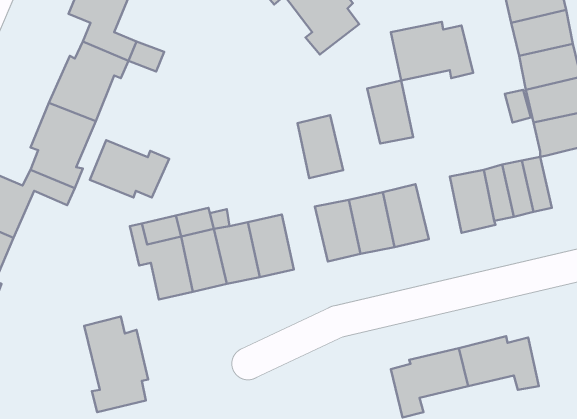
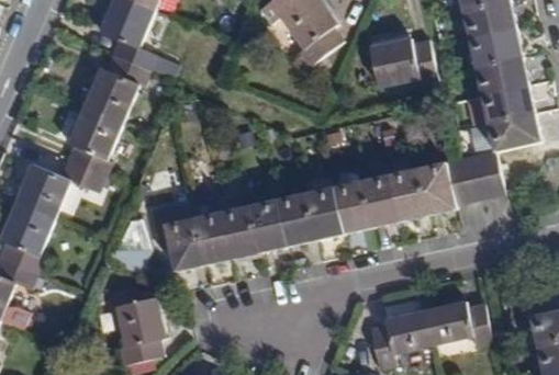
building: [367,81,413,144] -> [390,168,428,220]
building: [297,115,343,178] -> [278,193,316,246]
building: [90,140,169,197] -> none

